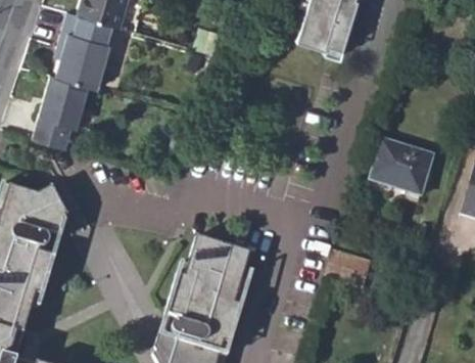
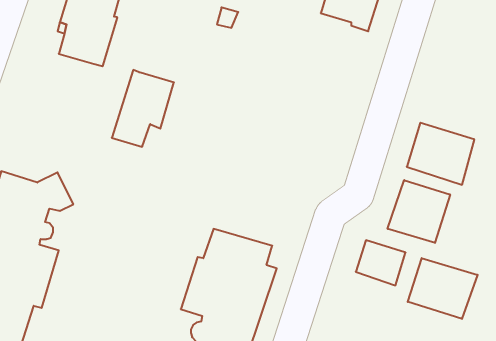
building: [33,75,89,144] -> [112,70,174,147]
building: none -> [388,180,450,243]
building: none -> [408,258,478,319]

